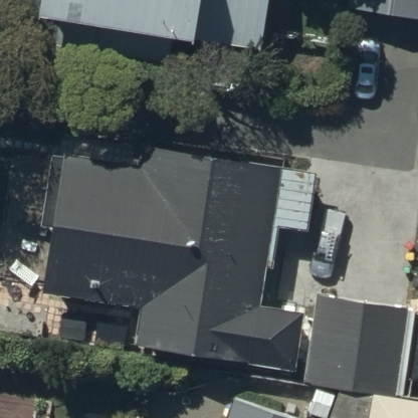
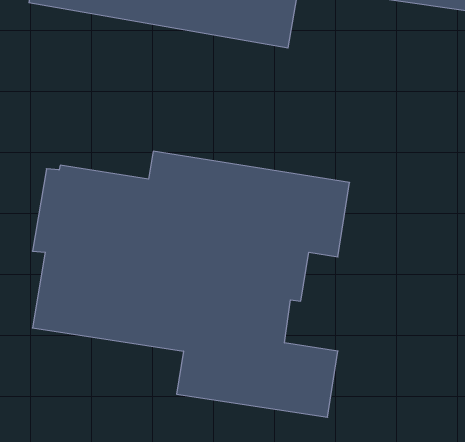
building: [306,293,406,390] -> none

